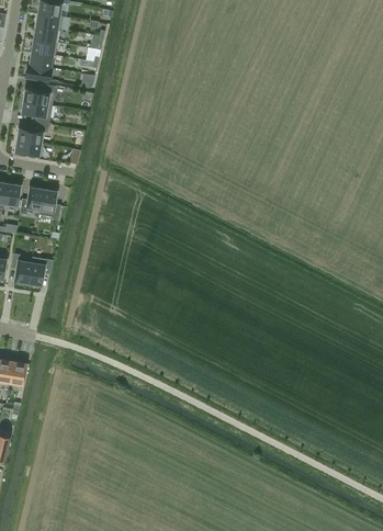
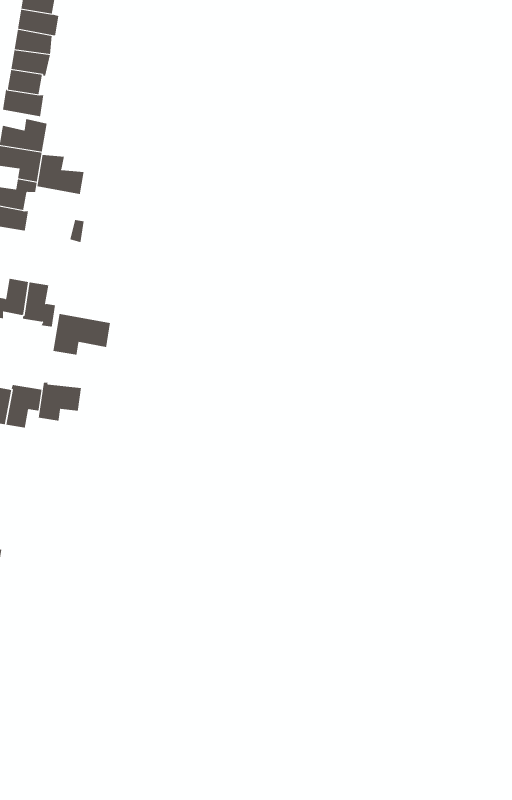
building: none -> [37,154,84,195]
building: none -> [53,313,111,355]
building: none -> [38,382,82,421]

